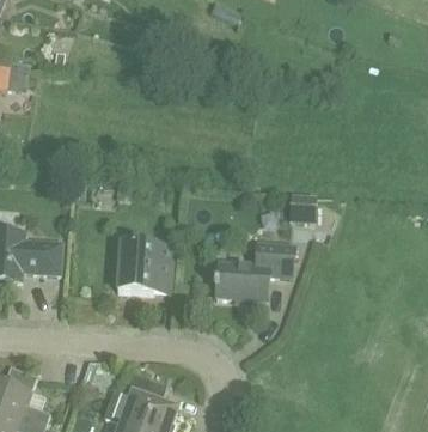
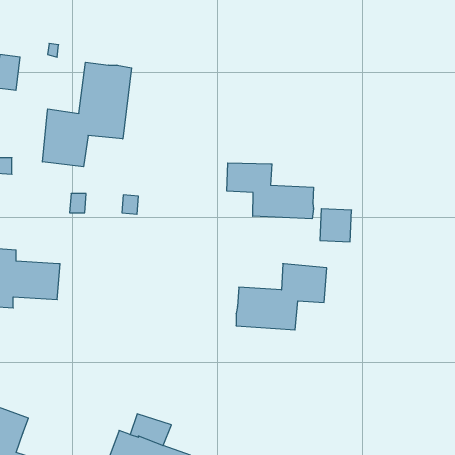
building: none -> [42,62,132,167]
building: none -> [227,163,313,219]
building: [116,244,172,294] -> none

